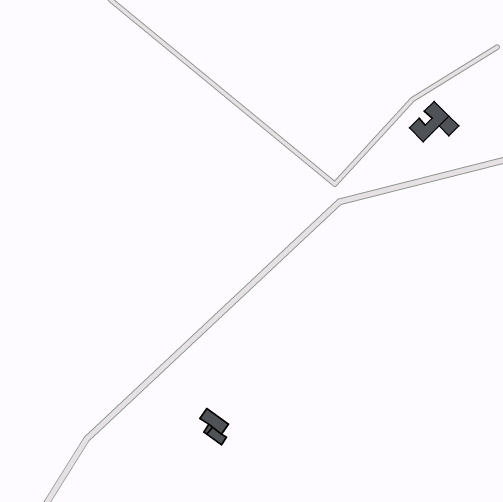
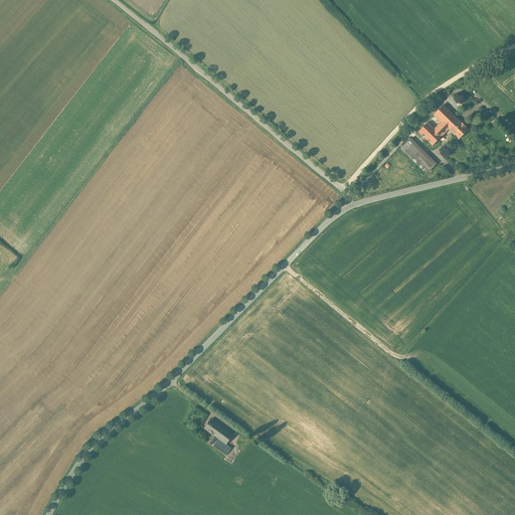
building: none -> [401,137,437,173]

